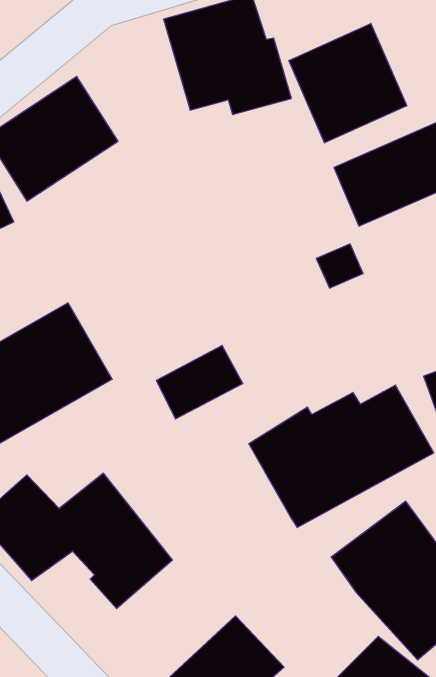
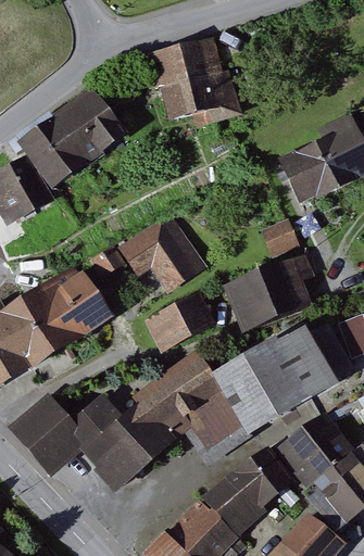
building: [289,23,407,143] -> none
building: none -> [99,216,204,290]
building: none -> [222,251,313,329]
building: none -> [123,350,244,454]
building: none -> [203,445,292,533]

